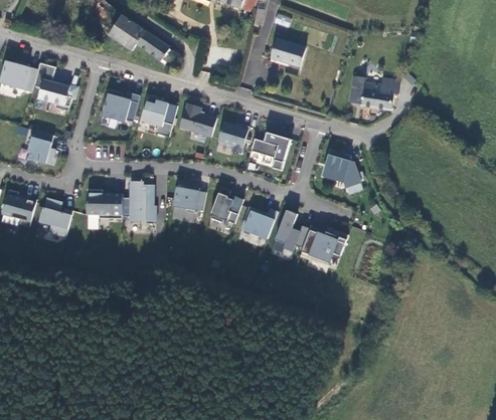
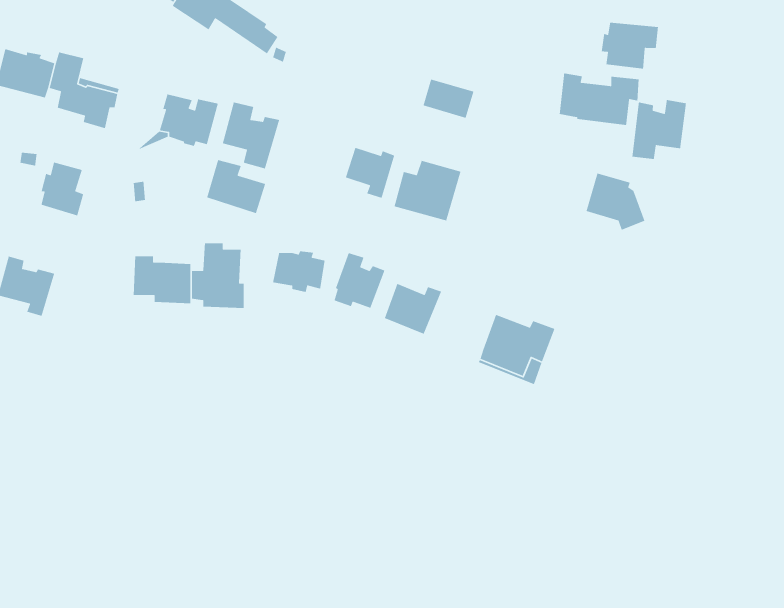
building: [272,42,304,67] -> [423,78,474,119]
building: none -> [601,22,659,69]
building: none -> [632,99,687,160]
building: [179,102,216,137] -> [206,159,266,214]
building: [323,152,360,188] -> [585,173,645,231]
building: [40,198,72,237] -> none
building: [276,209,310,250] -> none

